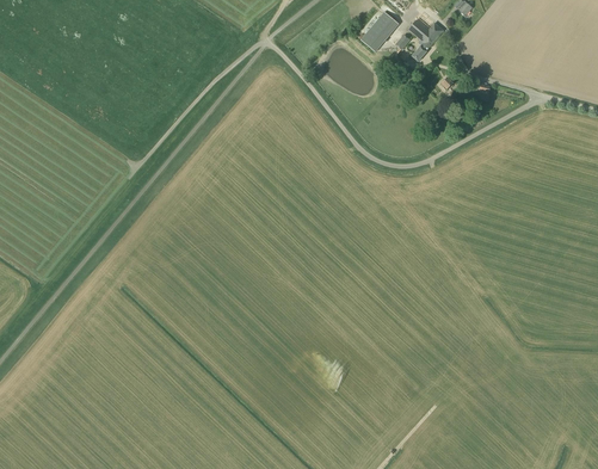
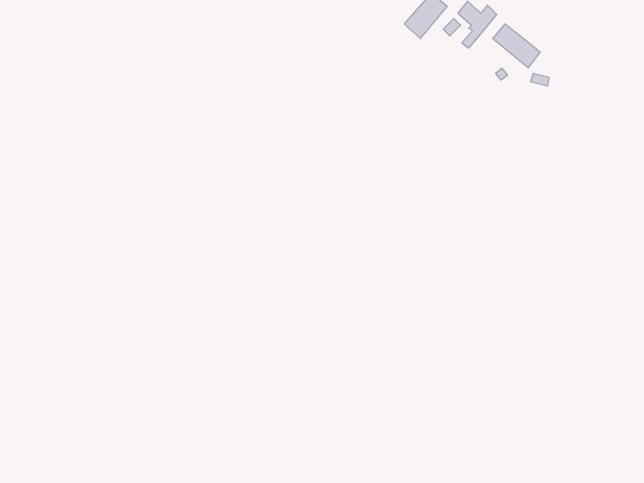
building: none -> [493,24,540,68]

